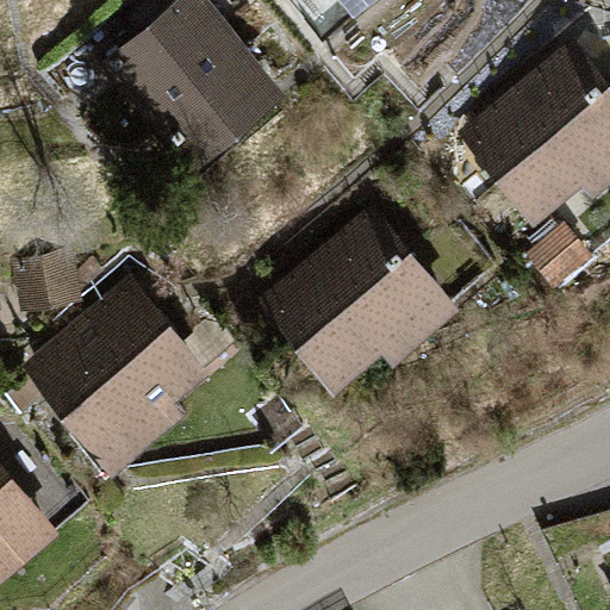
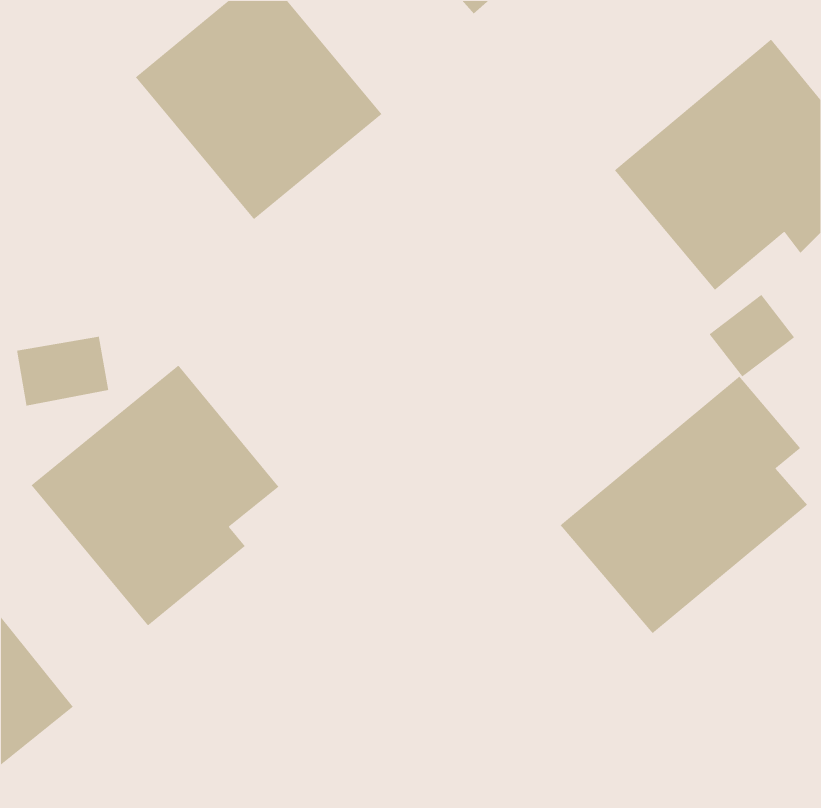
building: [260,208,456,388] -> none
building: none -> [559,375,808,634]

